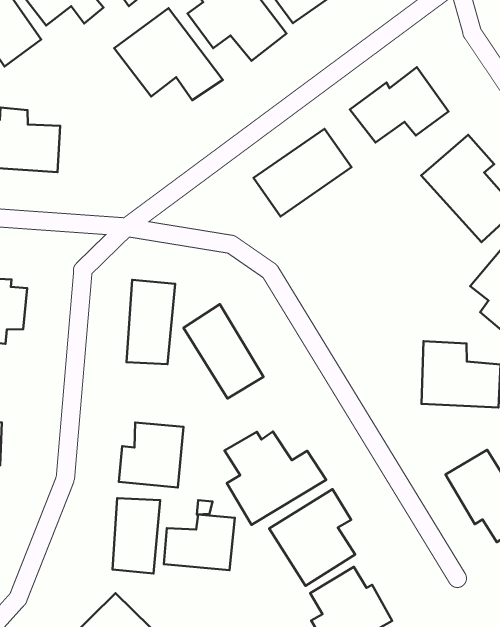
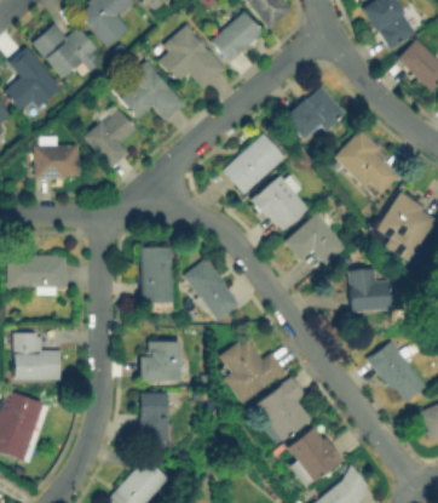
building: none -> [86,105,139,171]
building: none -> [244,173,305,232]
building: none -> [277,211,344,265]
building: [164,515,235,570] -> none

